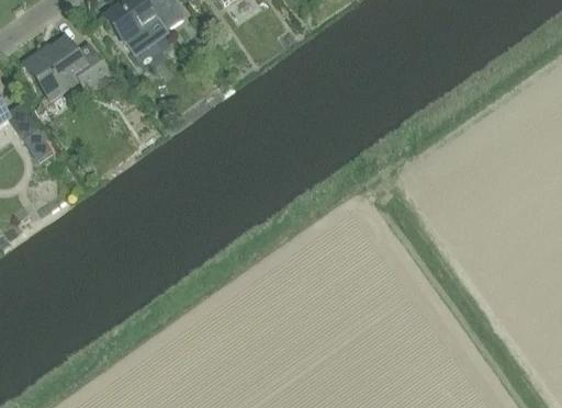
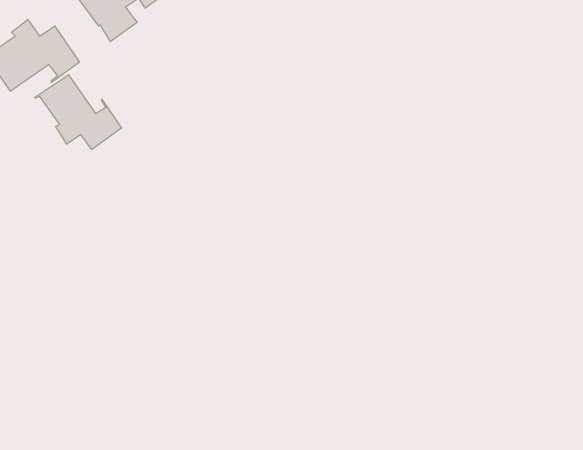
building: none -> [35,75,121,149]

